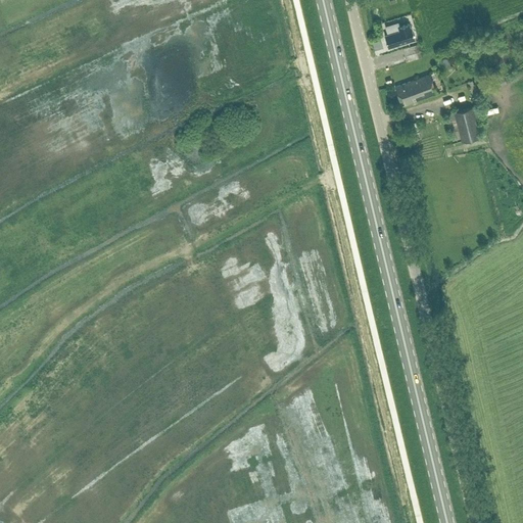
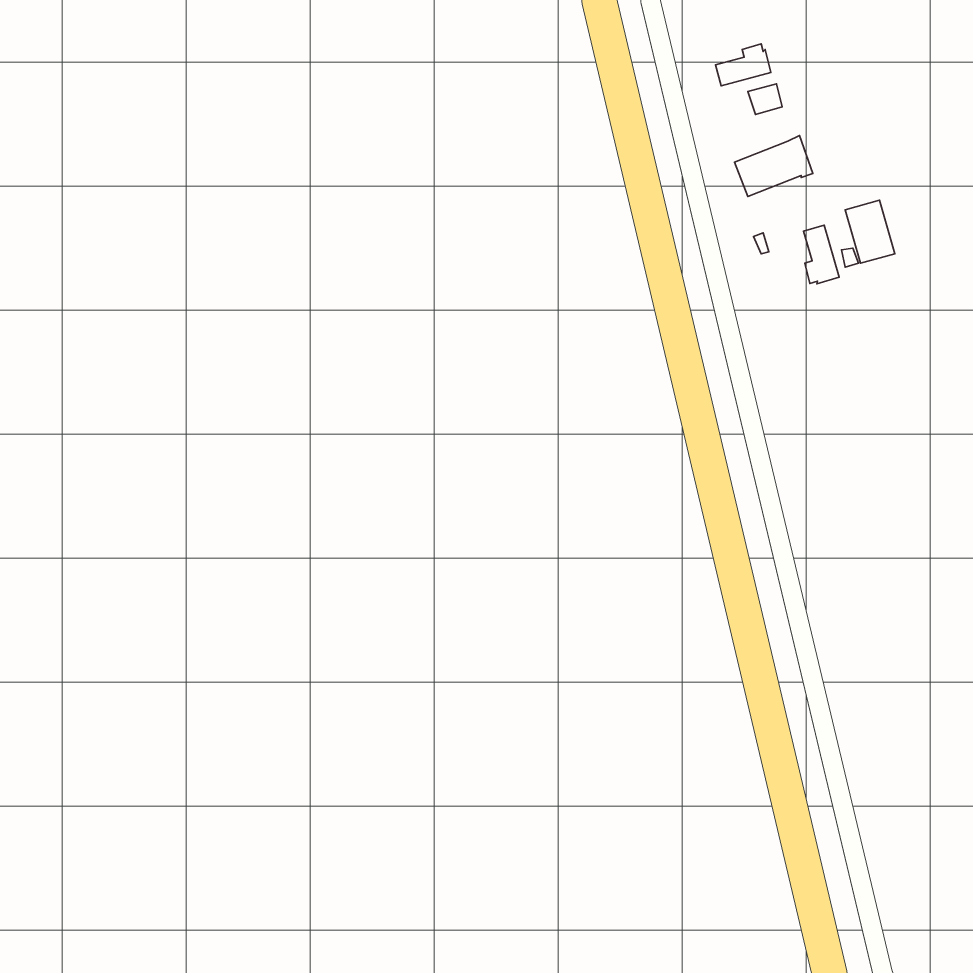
building: none -> [804,225,839,284]

